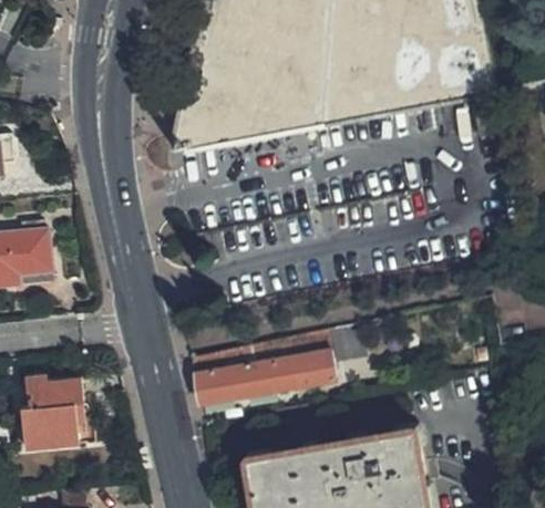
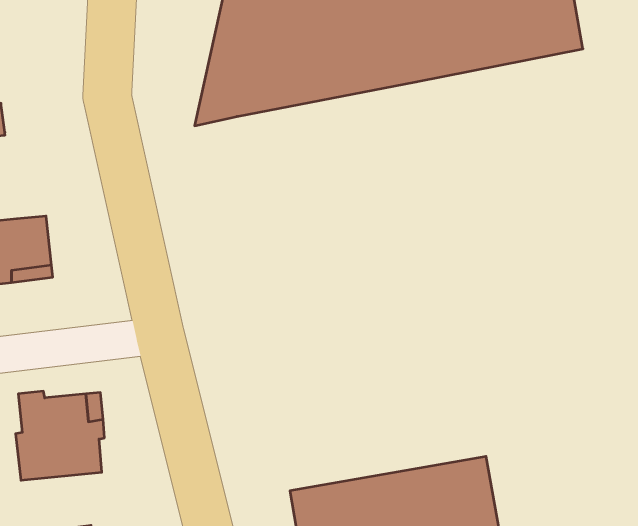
building: [188,331,335,406] -> none

